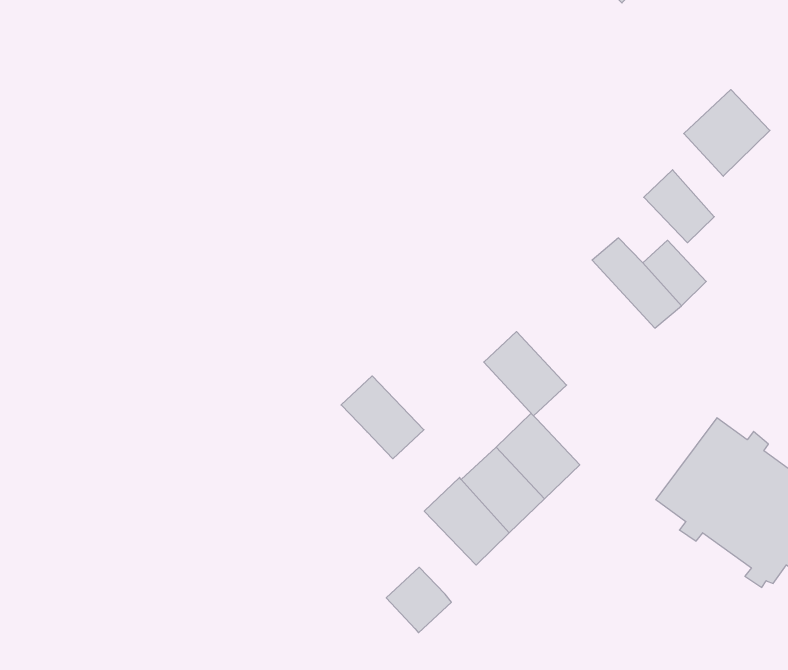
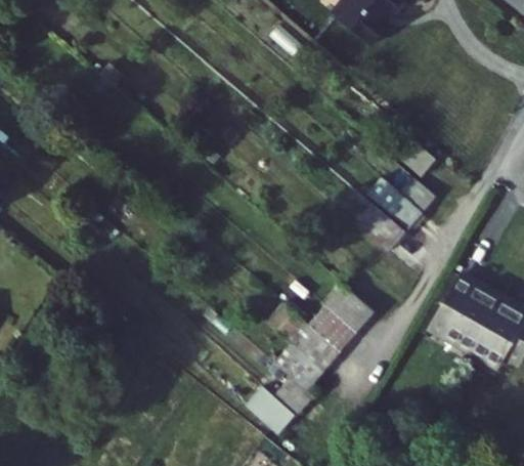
building: [684,90,770,176] -> none
building: [484,332,567,416] -> [358,205,406,251]
building: [341,376,424,459] -> [276,345,324,390]
building: none -> [246,385,295,432]

